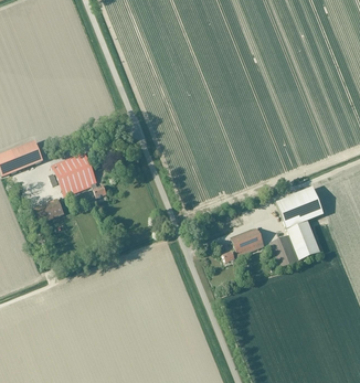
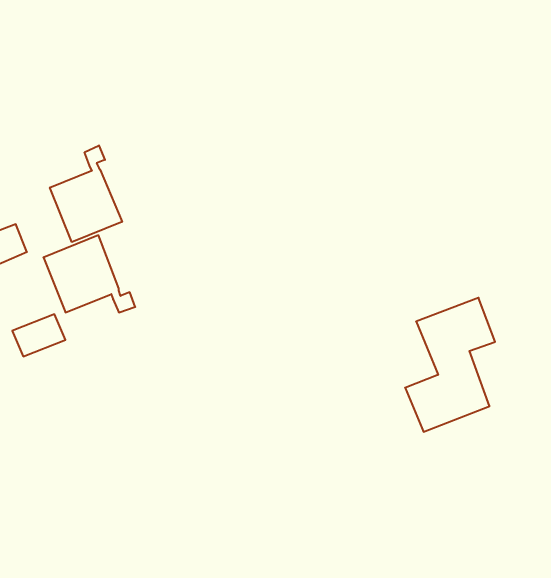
building: none -> [50,145,122,242]
building: [223,225,265,259] -> none

